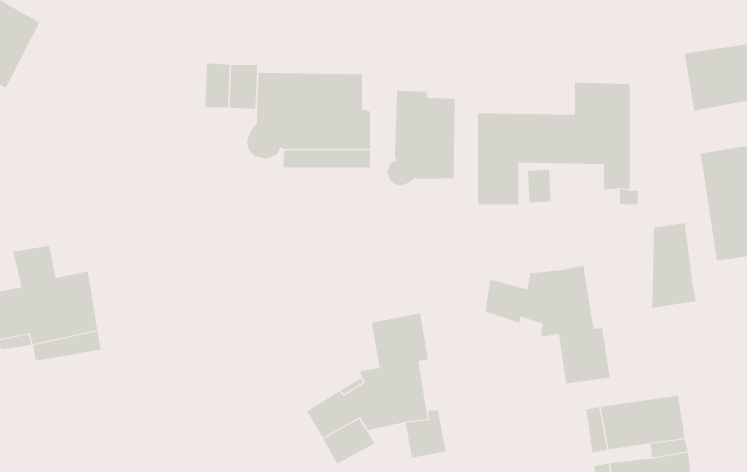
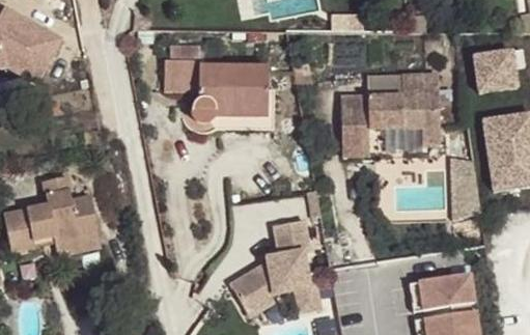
building: [387,90,455,186] -> none
building: [485,265,610,384] -> none

